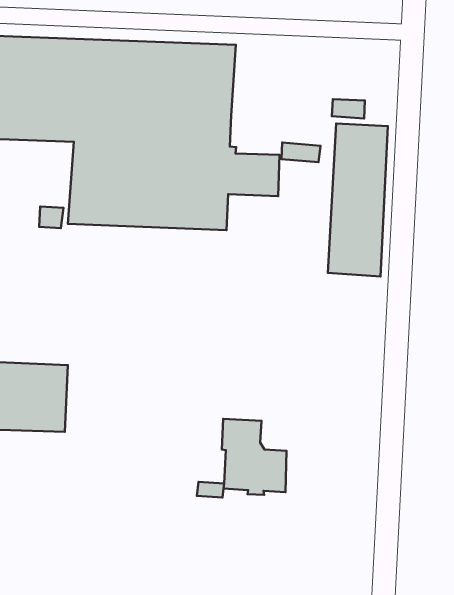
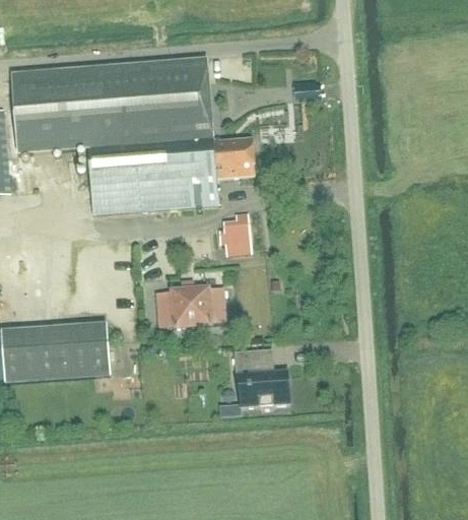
building: [328,124,388,277] -> none
building: none -> [217,214,250,248]
building: none -> [157,284,223,324]

